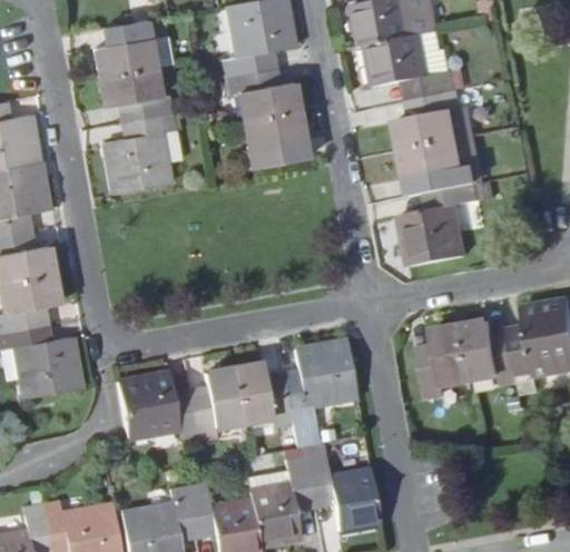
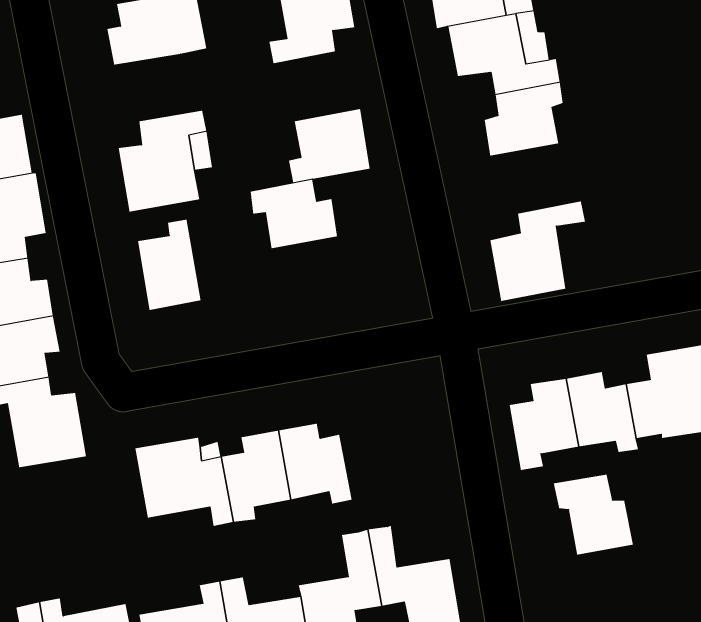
building: [227,66,297,121] -> [250,179,338,249]
building: [100,68,171,121] -> none
building: [400,139,473,195] -> none
building: none -> [137,219,201,311]
building: [281,339,355,448] -> none
building: none -> [553,474,633,556]

